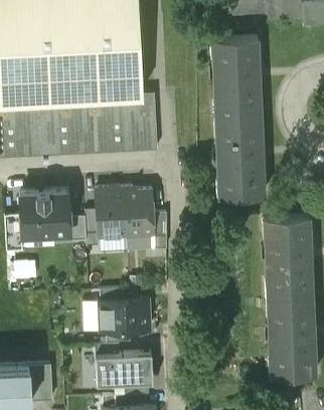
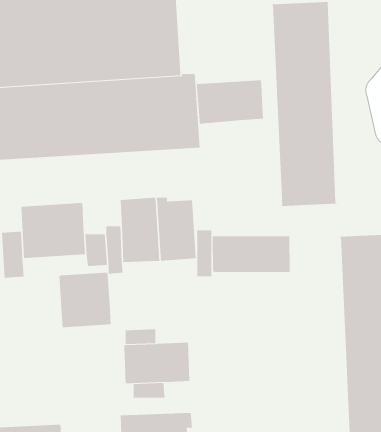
building: none -> [196,79,263,125]
building: none -> [212,236,290,273]
building: none -> [59,272,111,328]

